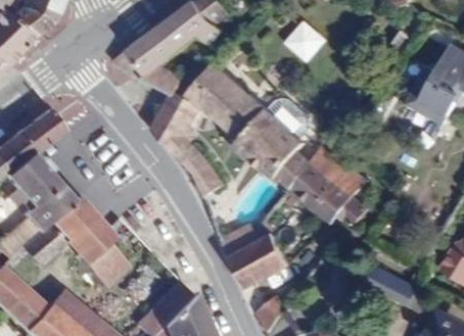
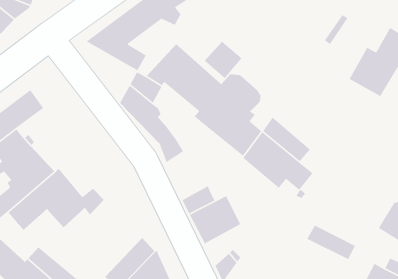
building: [283,18,326,61] -> [204,41,242,79]
building: [90,247,134,292] -> none

